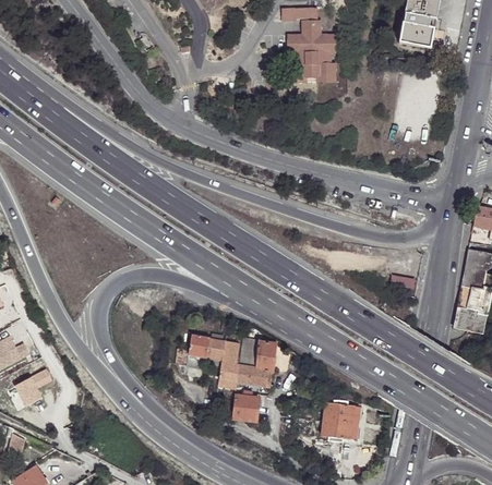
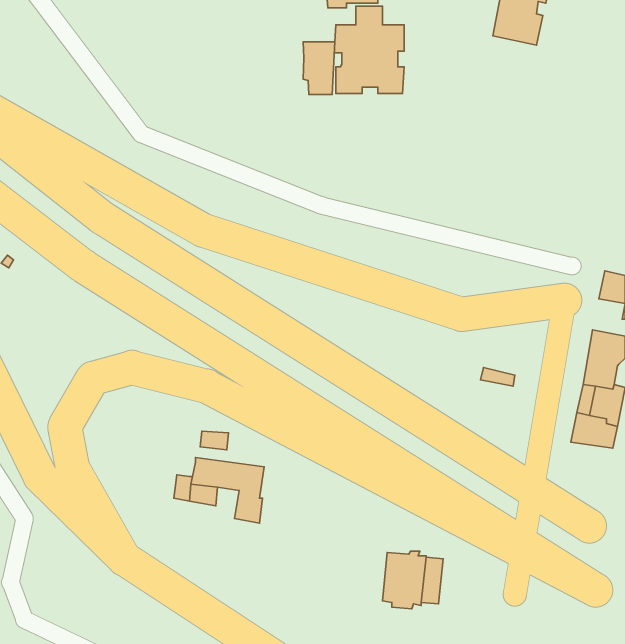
building: none -> [303,42,335,94]
building: [235,339,277,387] -> none
building: [229,395,257,423] -> none

